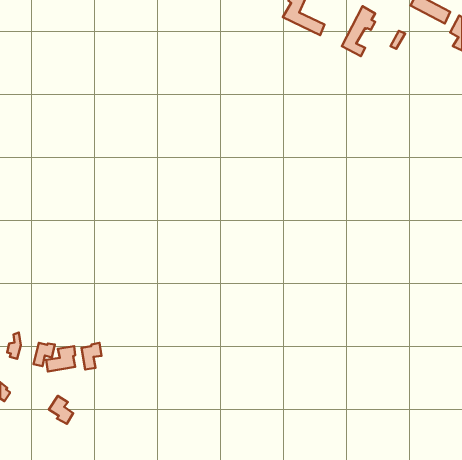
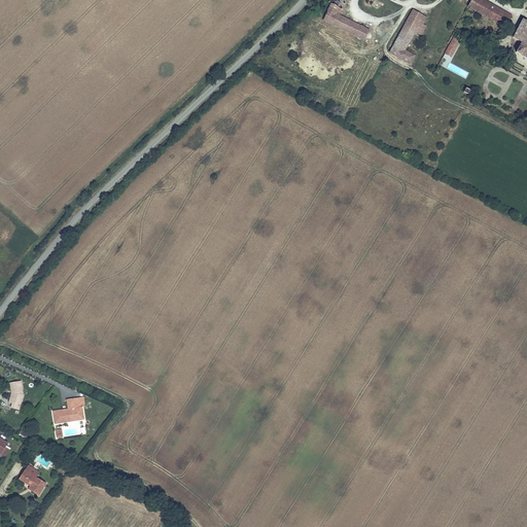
building: [33,343,55,366] -> none
building: [81,343,102,370] -> none
building: [49,396,73,424] -> [19,463,46,495]

